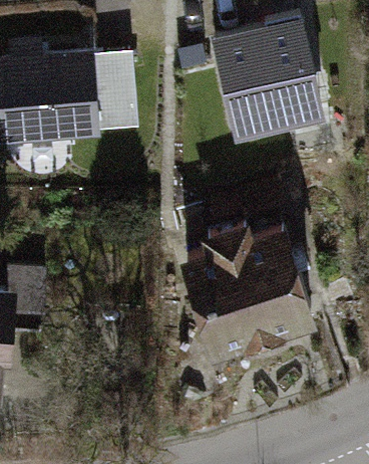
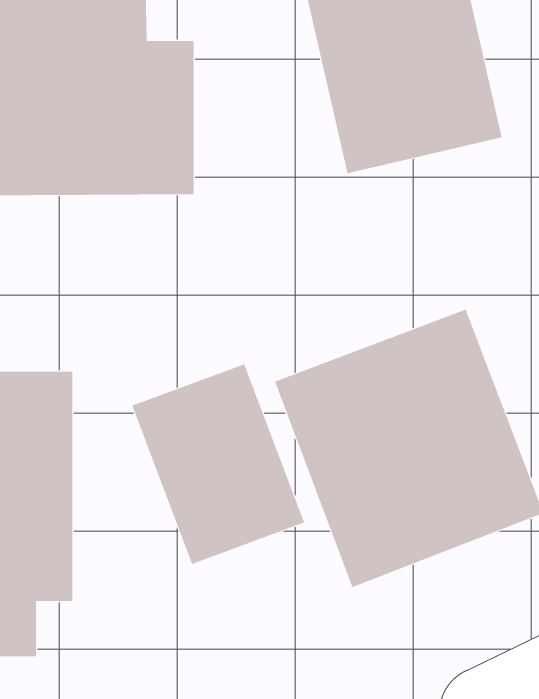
building: none -> [132,363,305,565]

